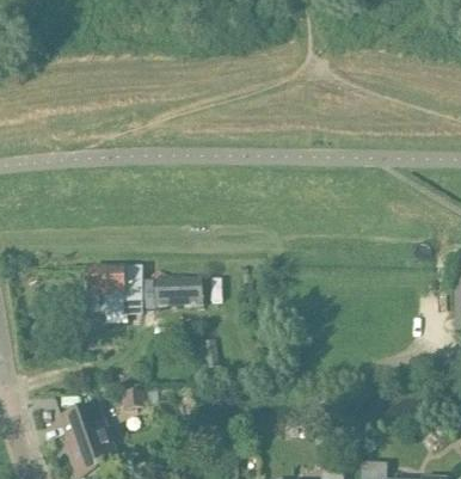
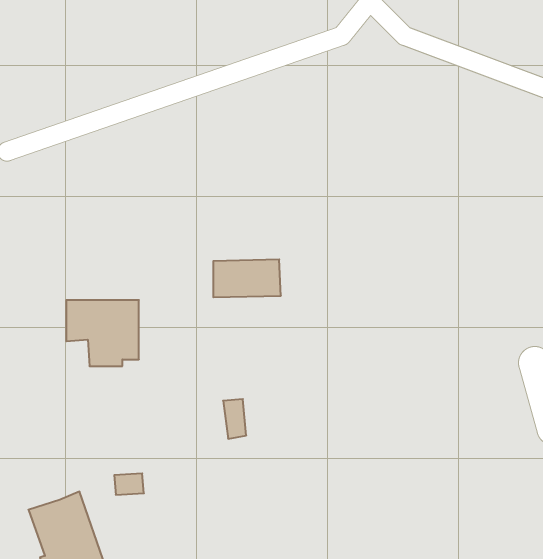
building: [153,277,202,305] -> [213,259,281,297]

